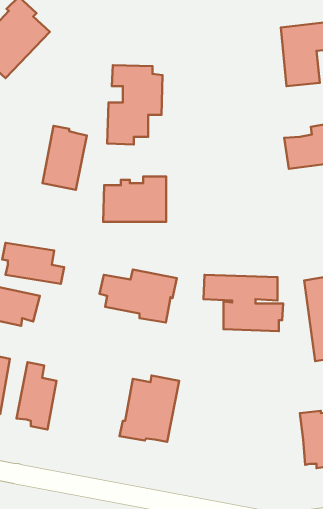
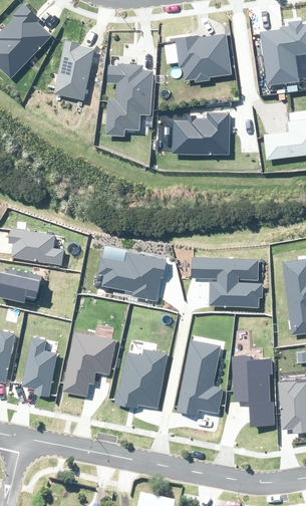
building: none -> [178,35,227,76]
building: [43,126,87,190] -> [54,40,94,98]
building: [103,176,166,222] -> [172,112,229,154]
building: none -> [62,331,116,396]
building: none -> [177,340,223,416]
building: none -> [231,354,275,426]

